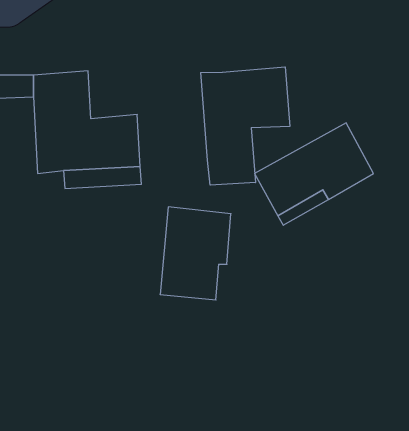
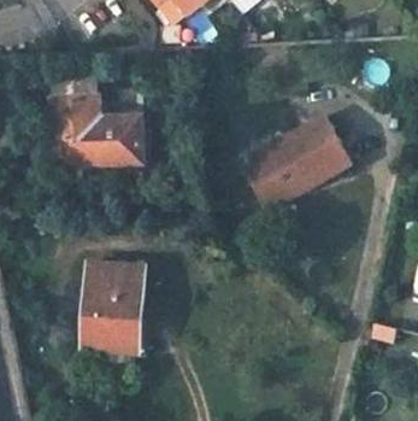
building: [201,67,290,185] -> none
building: [160,207,231,300] -> [83,265,146,347]

